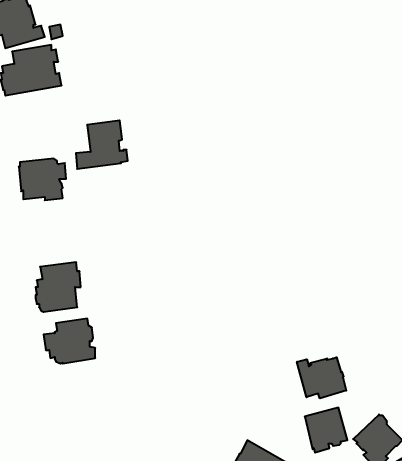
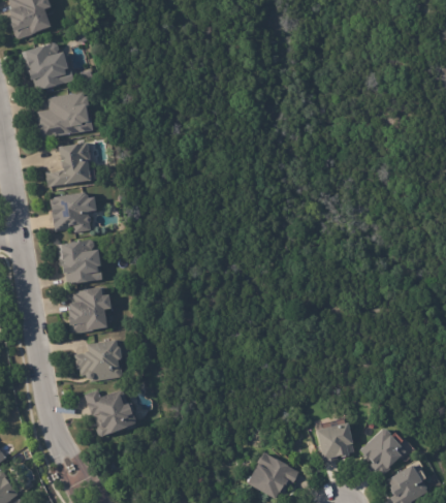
building: [76,120,128,169] -> [47,138,95,183]
building: none -> [60,240,102,285]
building: [297,357,346,398] -> none
building: none -> [87,388,136,436]

